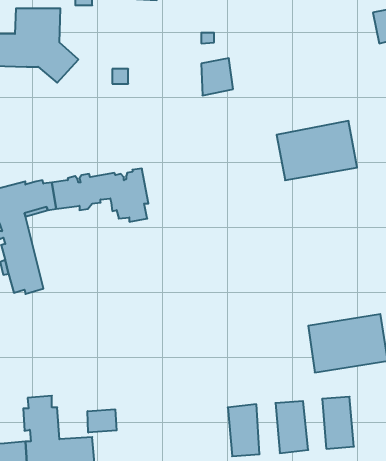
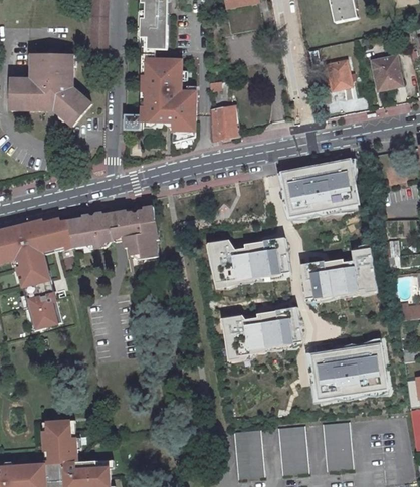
building: none -> [142,55,196,140]
building: none -> [327,57,351,86]
building: none -> [209,238,289,287]
building: none -> [299,248,375,299]
building: none -> [222,307,301,359]
building: [88,409,117,433] -> none

